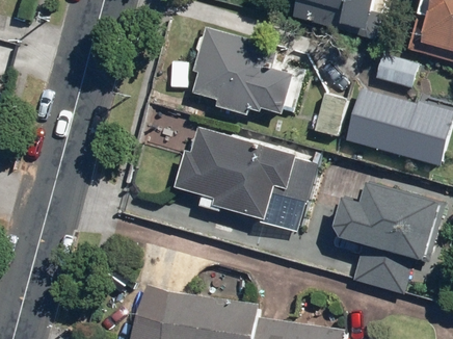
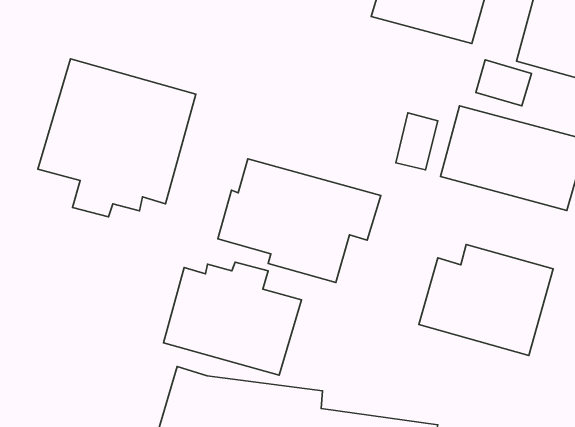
building: [189,26,298,115] -> none
building: none -> [38,59,196,217]
building: none -> [164,262,302,375]

